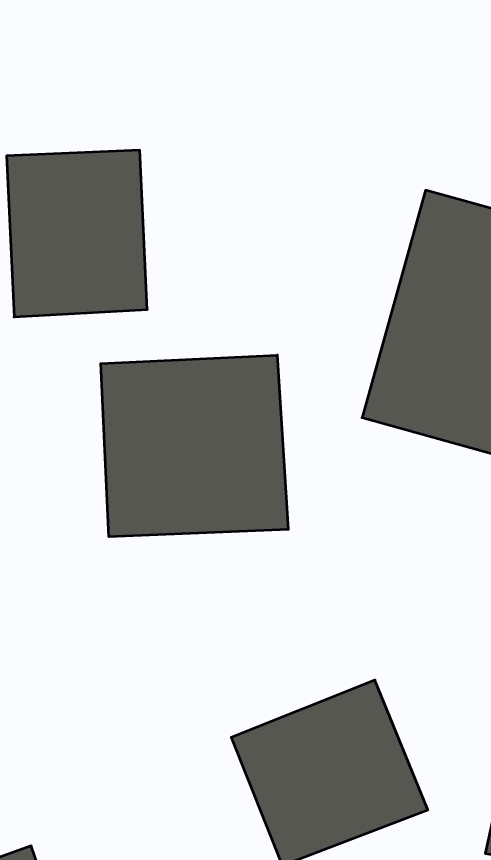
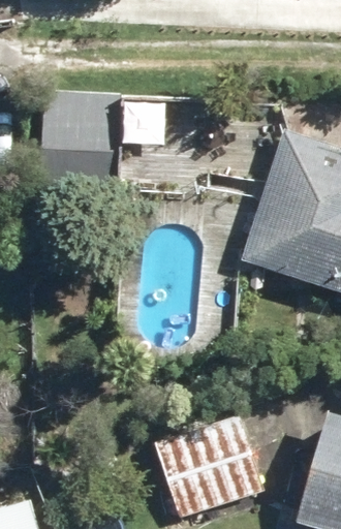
building: [101,355,288,537] -> none

